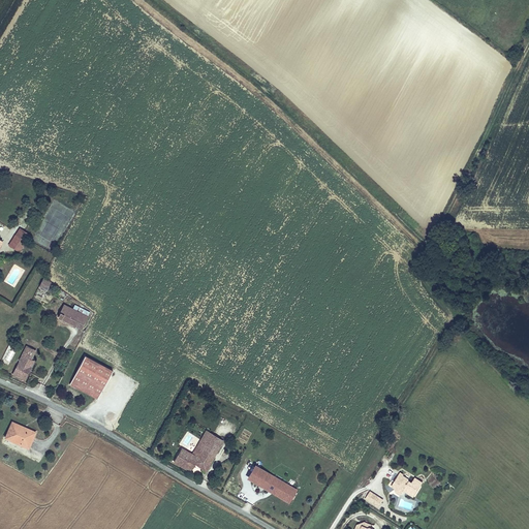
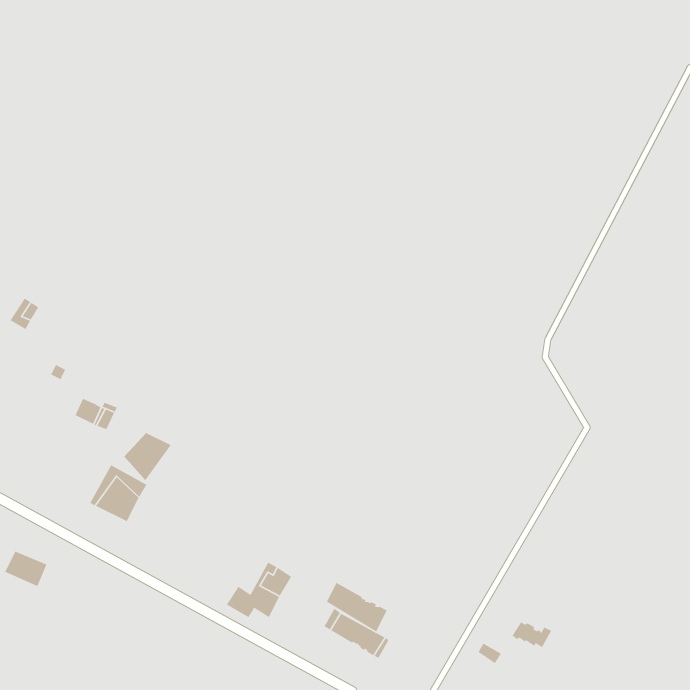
building: none -> [124,432,172,481]
building: [11,345,36,381] -> none
building: none -> [326,582,388,632]

